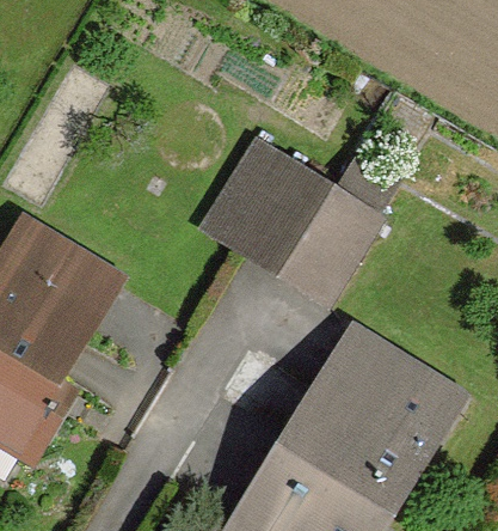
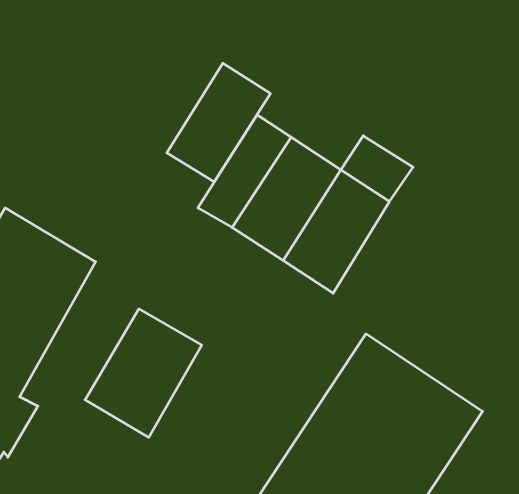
building: none -> [167,63,270,182]
building: none -> [85,309,202,437]

